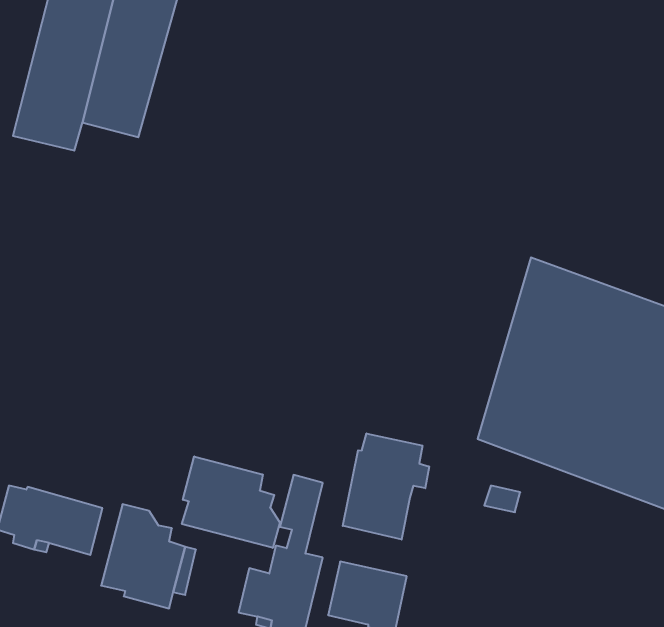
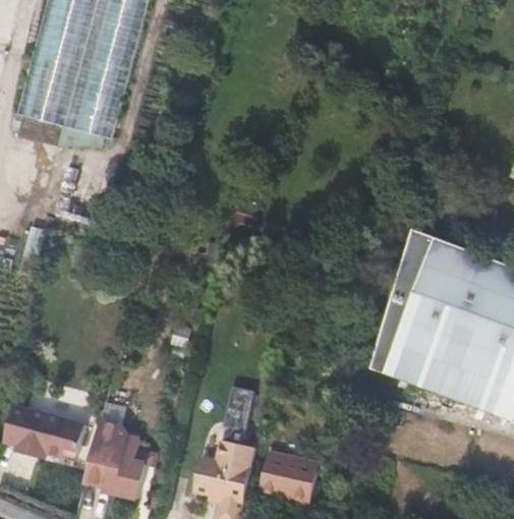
building: [343,433,429,540] -> none
building: [182,456,280,548] -> none

